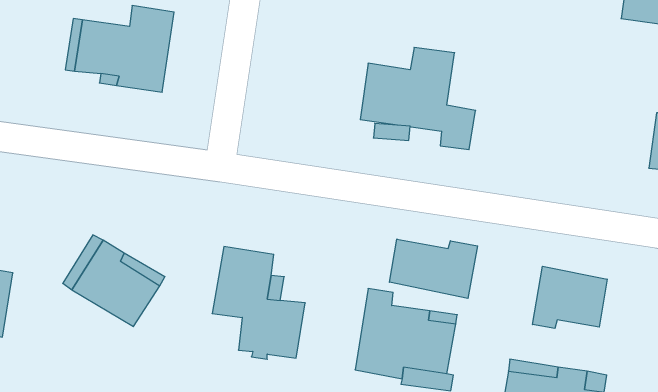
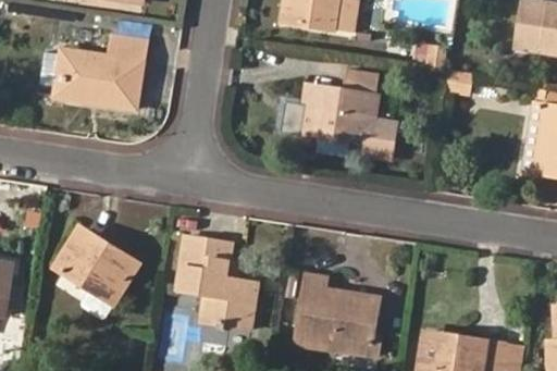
building: [389,239,478,298] -> none
building: [533,266,607,328] -> none

